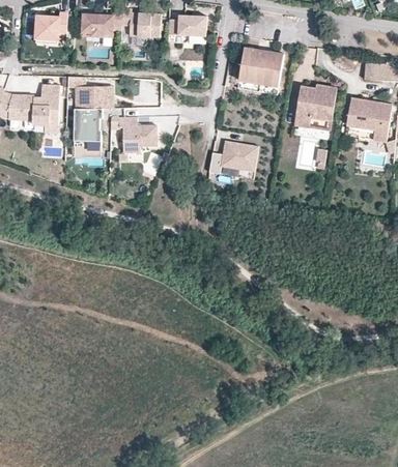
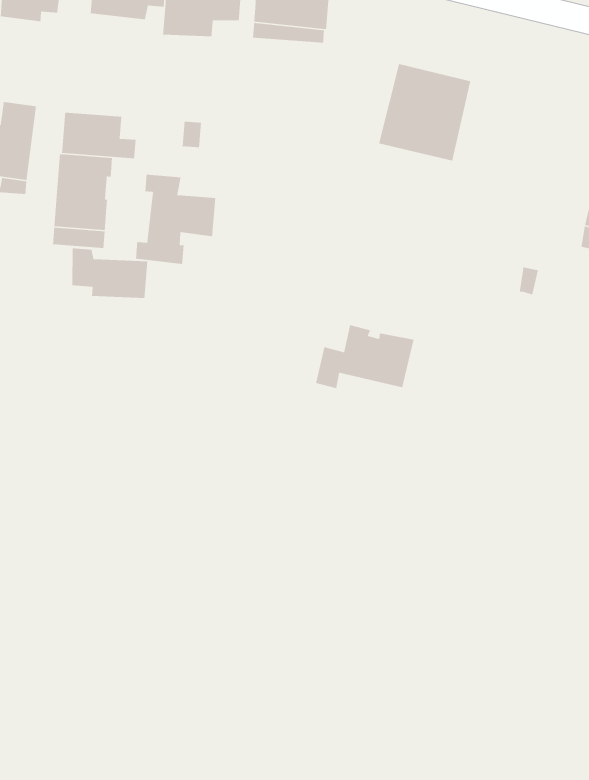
building: [296,84,338,128] -> none
building: [209,141,259,175] -> [315,324,415,389]
building: none -> [71,248,148,299]

